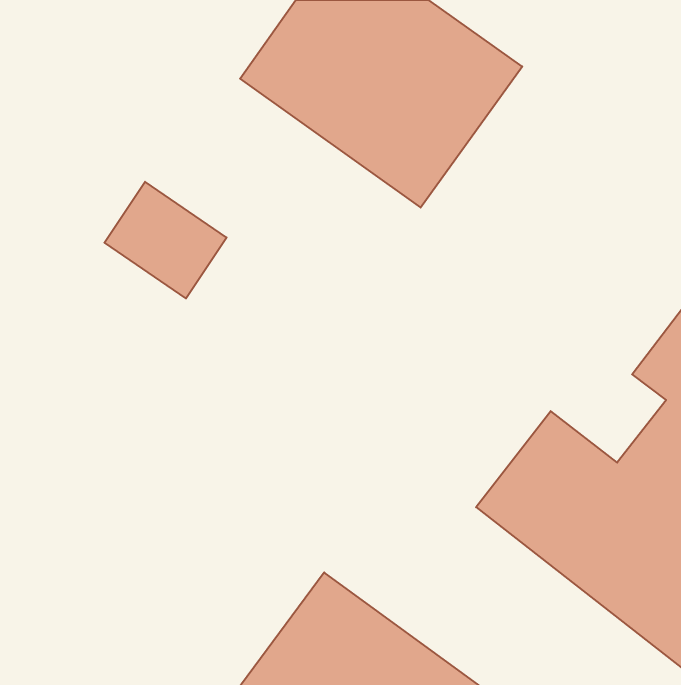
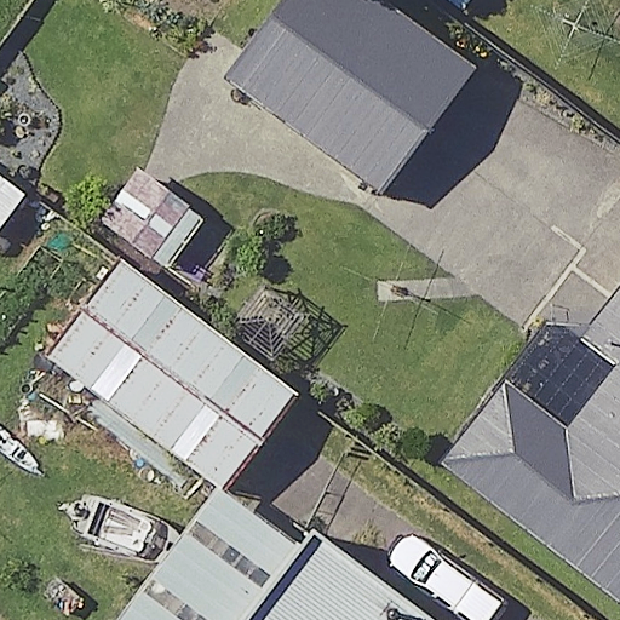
building: none -> [46,259,297,490]

